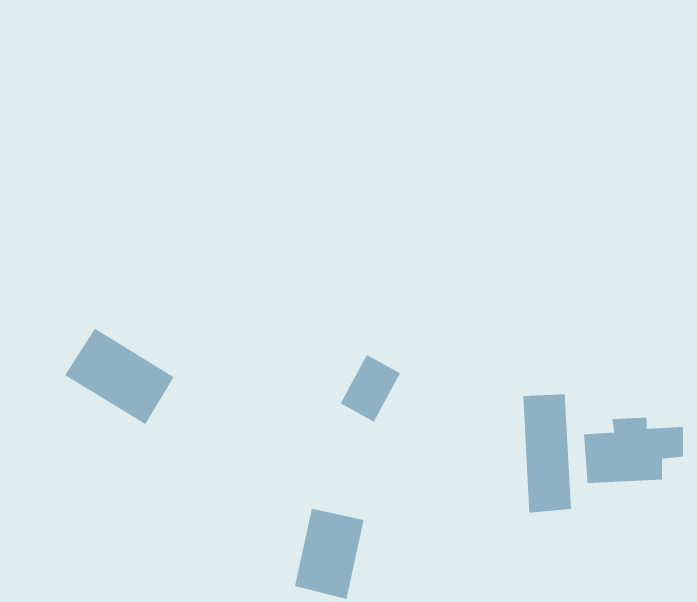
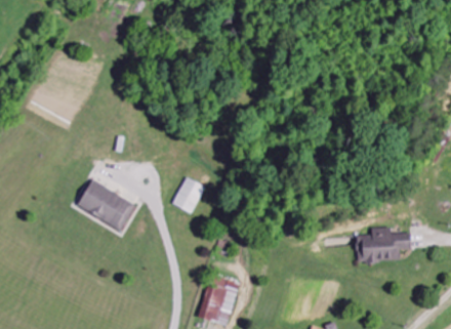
building: [340,354,401,422] -> [172,176,205,213]
building: [523,394,572,513] -> none

